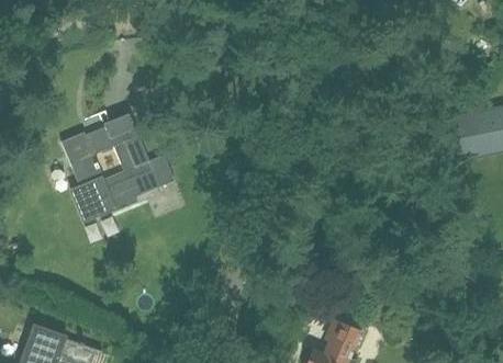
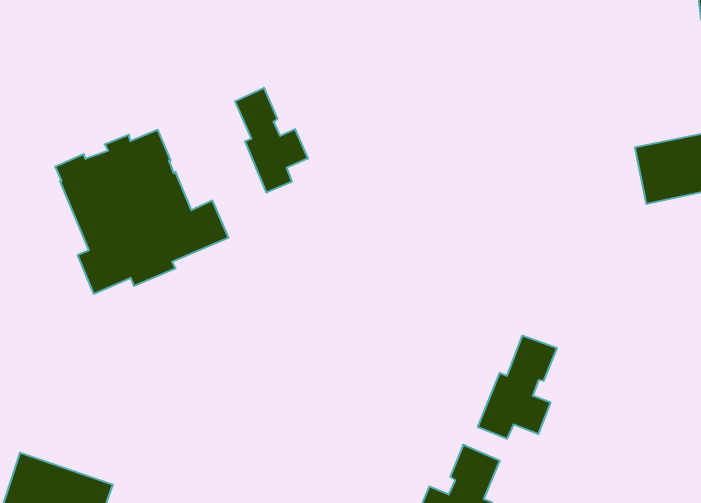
building: none -> [235,88,308,193]
building: none -> [478,336,557,439]

